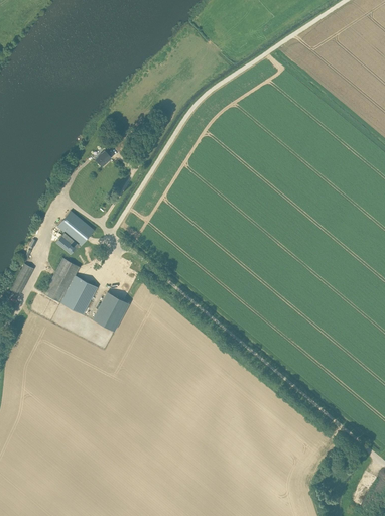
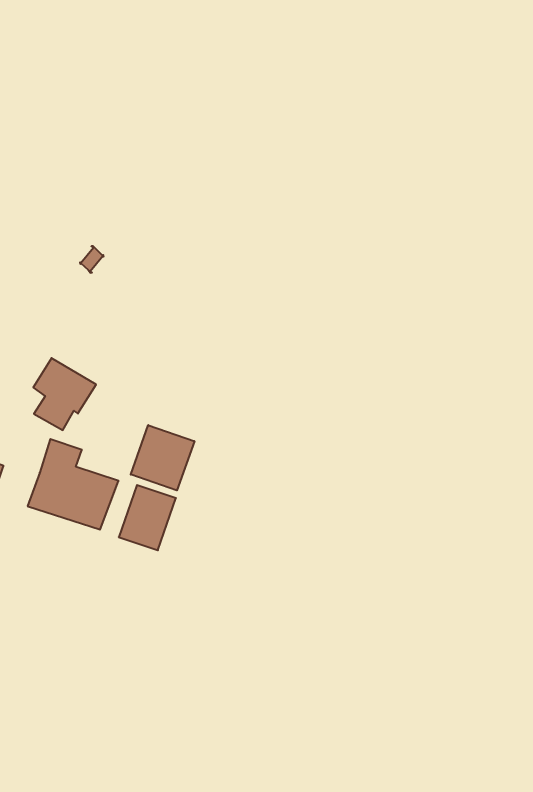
building: none -> [131,425,194,490]

